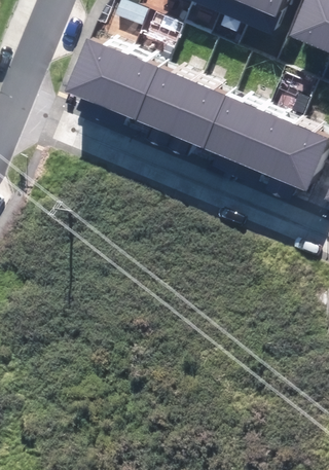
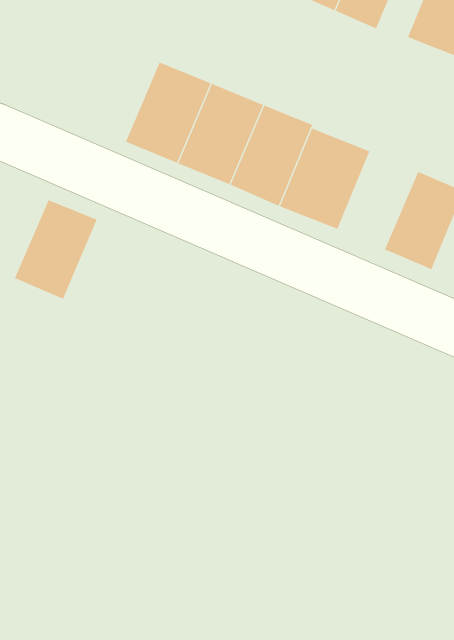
building: [69,39,124,106] -> [14,200,97,300]
building: [244,112,297,178] -> none

